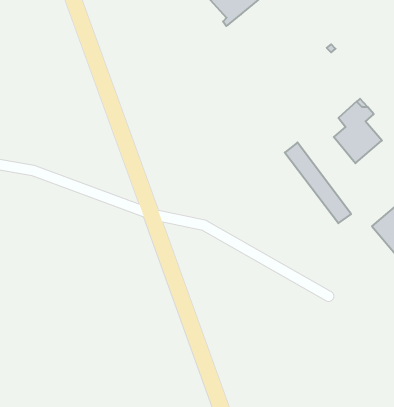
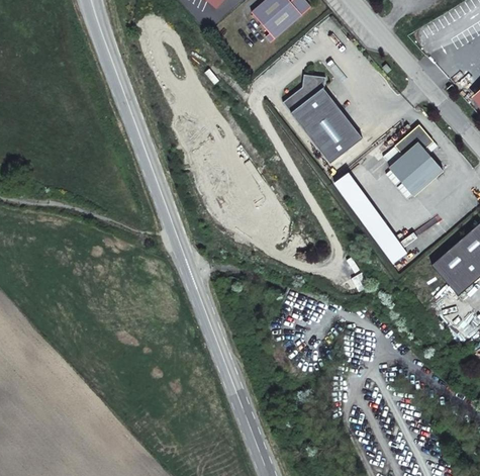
building: none -> [283,74,362,164]

